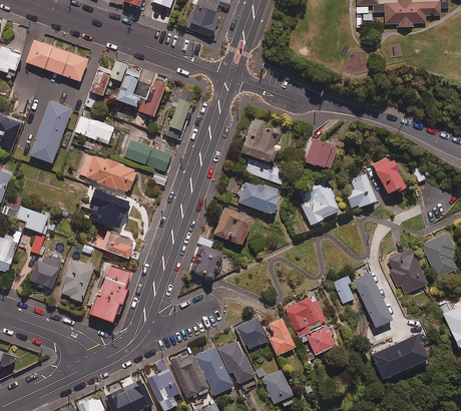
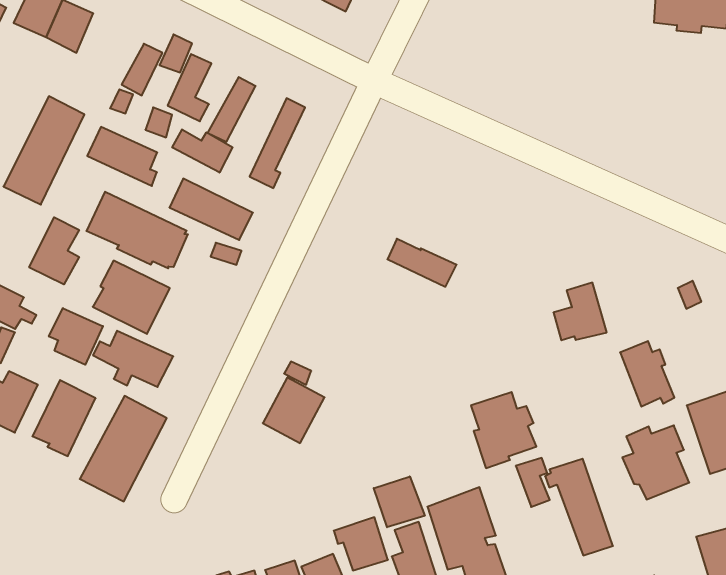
building: [62,52,87,81] -> none
building: none -> [172,129,233,173]
building: [241,117,281,162] -> none
building: [305,138,337,169] -> none
building: [372,156,405,193] -> [620,341,674,407]
building: none -> [29,217,79,284]
building: [299,180,338,225] -> [471,392,536,468]
building: [238,182,278,214] -> none
building: [213,208,252,245] -> none
building: none -> [49,308,103,365]
building: none -> [374,476,425,527]

